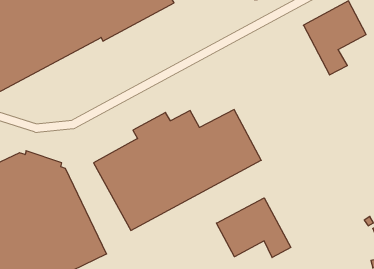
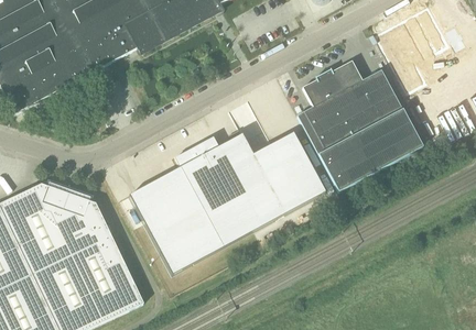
building: none -> [296,59,422,191]
building: [216,198,291,258] -> none

